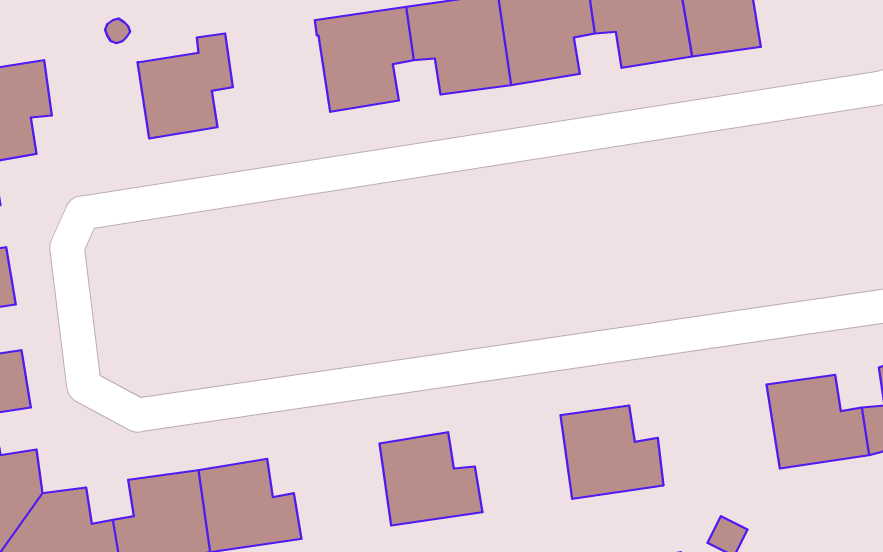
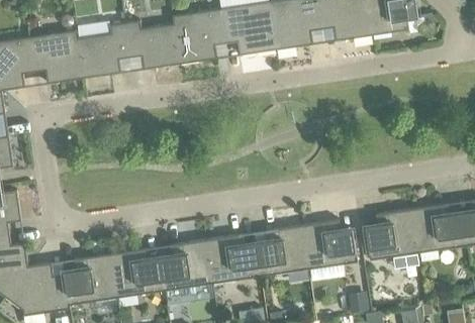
building: none -> [124,19,180,68]
building: none -> [28,28,84,82]
building: none -> [366,207,418,258]
building: none -> [257,223,308,275]
building: none -> [161,238,212,289]

